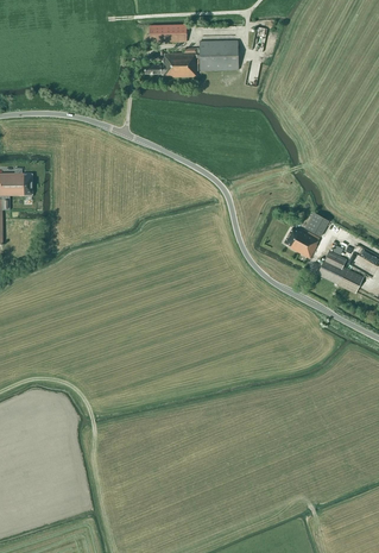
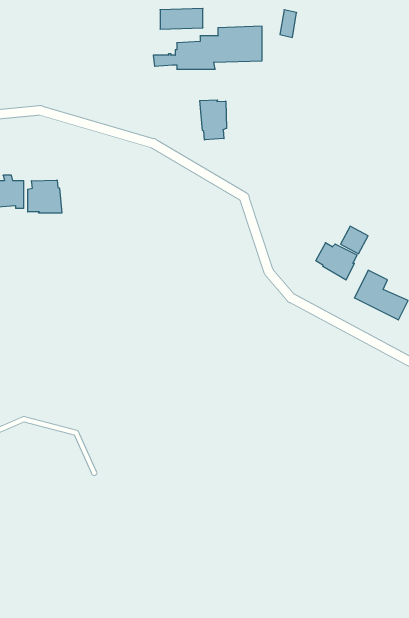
building: none -> [200,100,227,140]
building: none -> [28,180,62,213]

